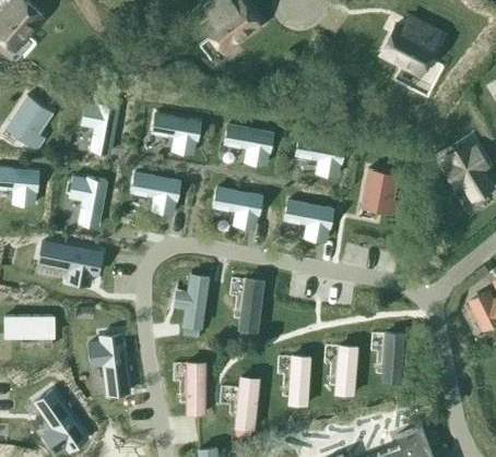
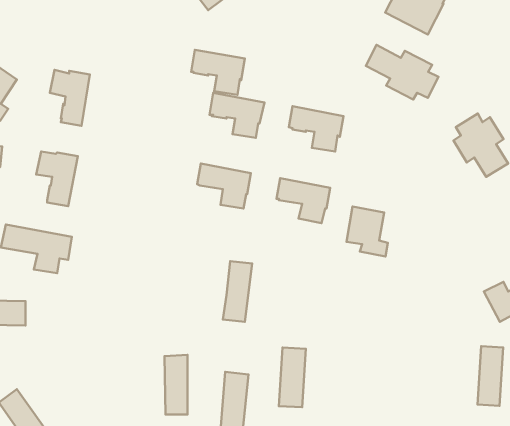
building: none -> [366,45,439,100]
building: [152,115,200,155] -> [191,50,245,95]
building: [363,170,400,215] -> [346,206,388,256]
building: [131,175,179,215] -> none
building: [172,272,208,327] -> none
building: [380,332,403,385] -> [477,346,503,406]
building: [87,334,128,396] -> none
building: [333,344,356,397] -> none

